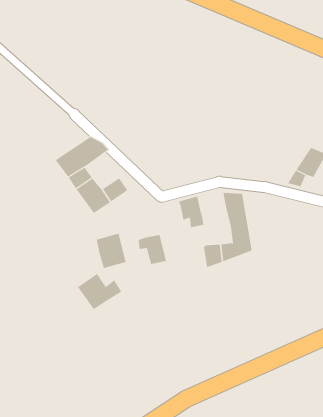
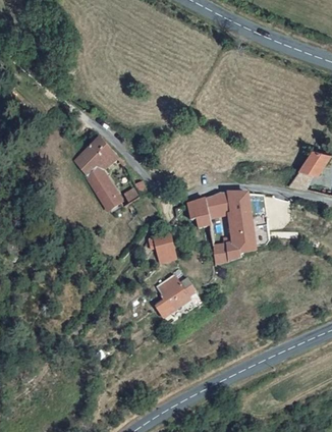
building: none -> [206,193,232,210]
building: [96,233,126,269] -> none
building: [77,273,122,310] -> [156,276,199,311]

